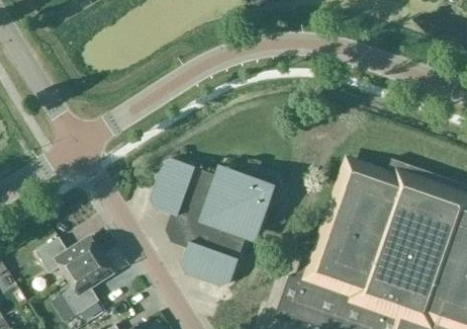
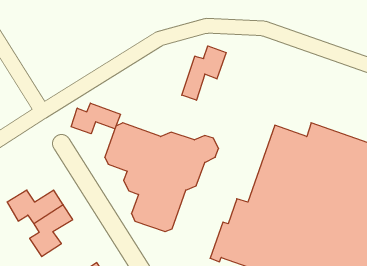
building: none -> [182,46,226,100]
building: none -> [71,103,120,134]

